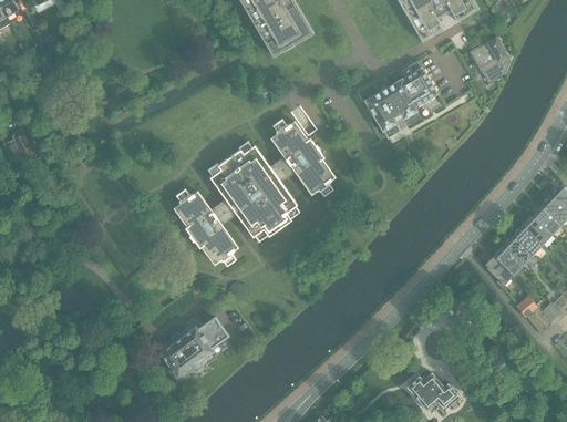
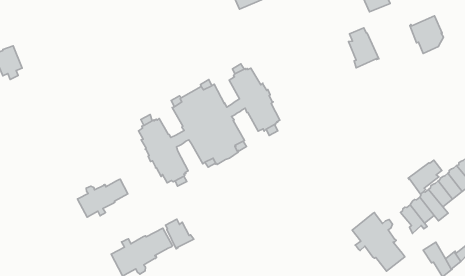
building: [365,79,416,138] -> none
building: none -> [408,160,442,194]
building: none -> [77,179,128,217]
building: none -> [352,213,405,271]
building: none -> [166,219,194,249]

